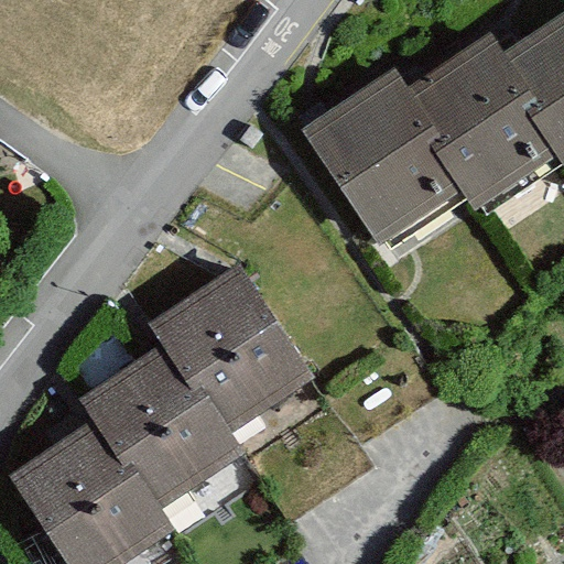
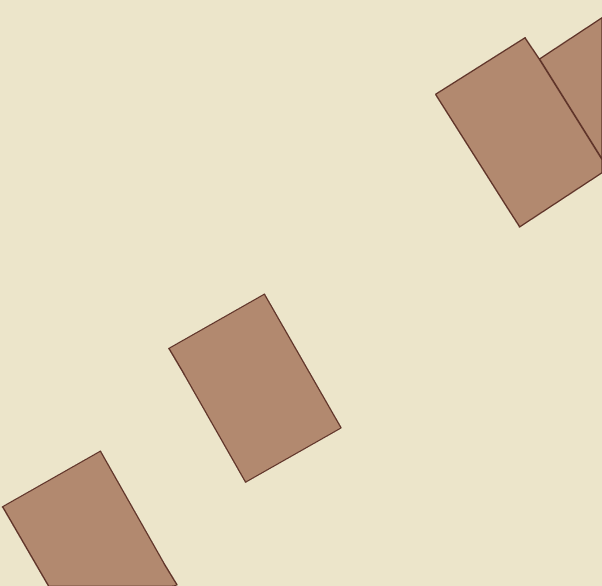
building: [310,68,471,243] -> none
building: [82,349,243,525] -> none

